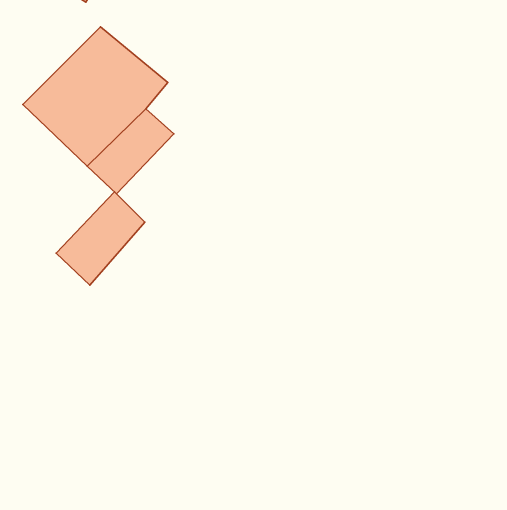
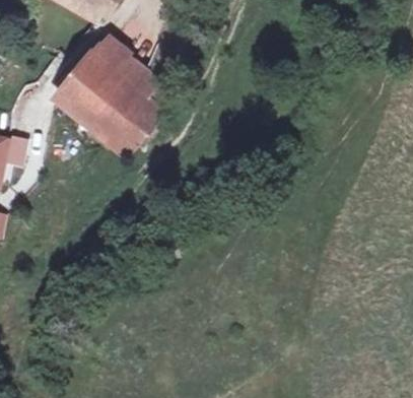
building: [56,192,145,285] -> none

